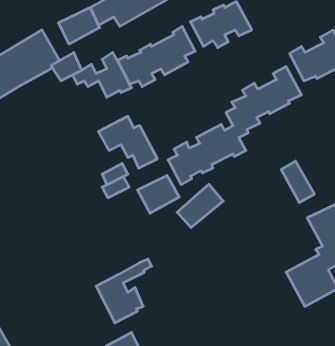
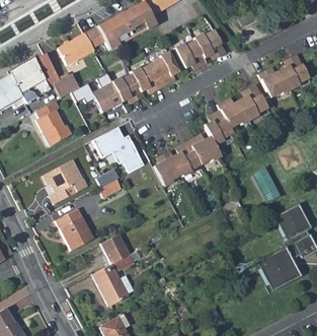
building: none -> [36,99,73,145]
building: none -> [45,159,88,204]
building: [138,175,179,213] -> none
building: [177,184,223,228] -> none
building: none -> [56,208,94,250]
building: none -> [100,232,130,263]

